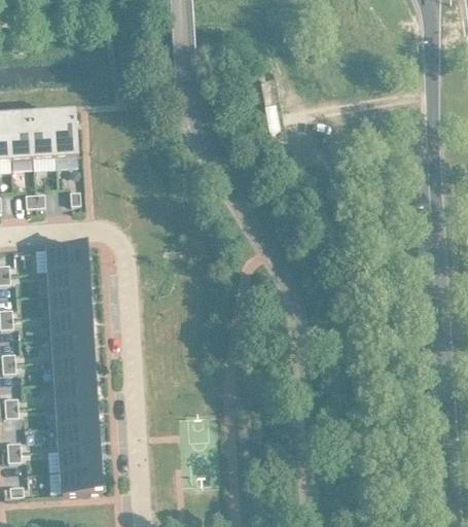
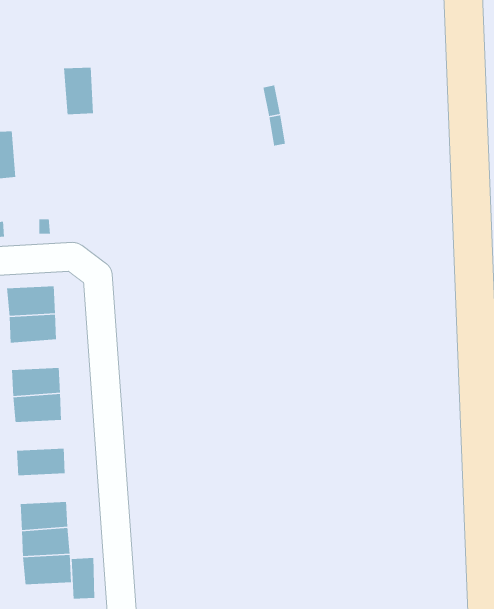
building: [51,117,77,157] -> [63,67,94,115]
building: [49,292,91,317] -> none
building: [53,359,95,384] -> none
building: [56,403,97,428] -> none
building: none -> [71,557,95,600]

